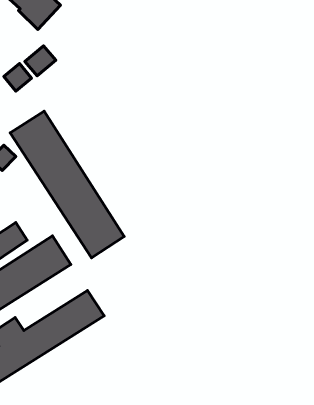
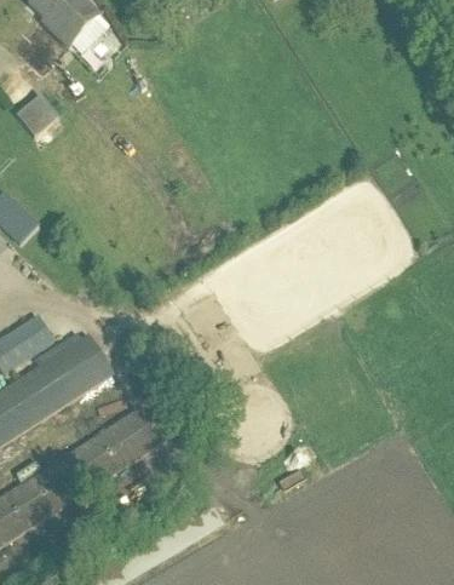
building: [25,46,56,76] -> none
building: [10,111,124,258] -> none

